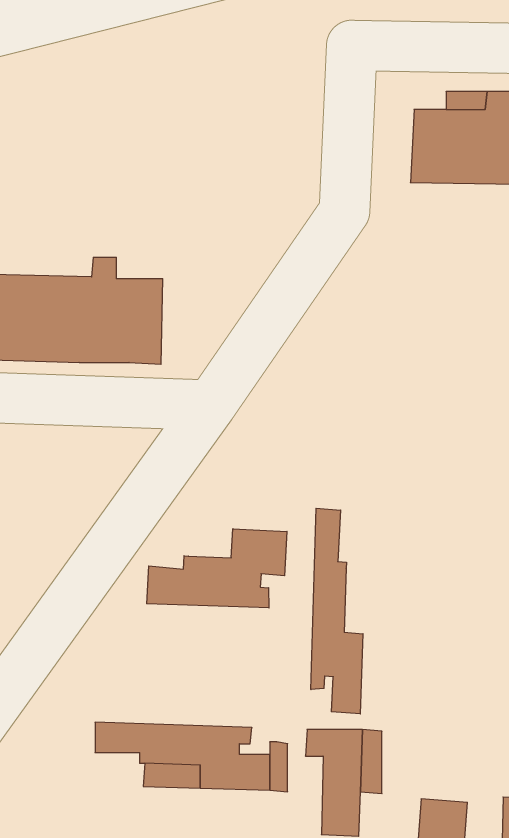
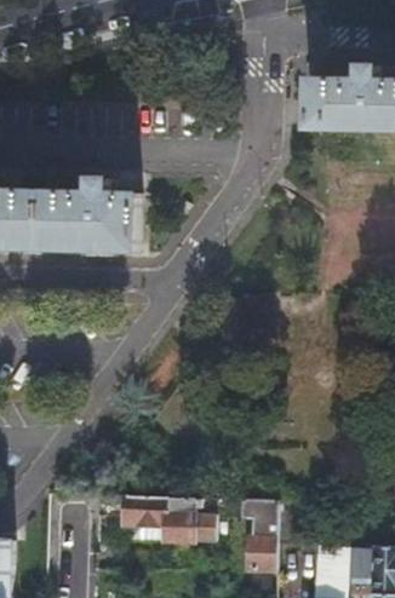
building: [311,508,363,714] -> none
building: [147,529,287,608] -> none

